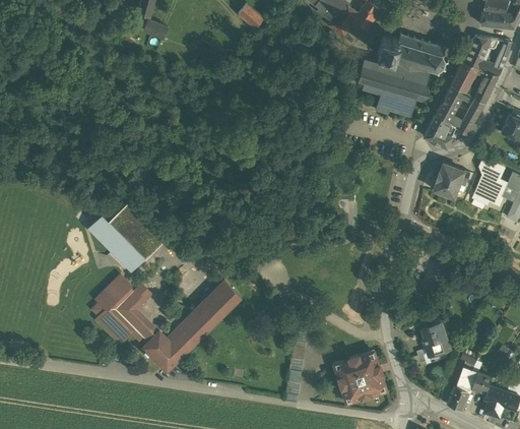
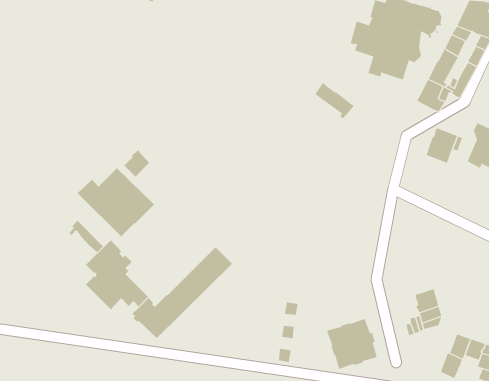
building: none -> [315,82,354,119]
building: none -> [124,149,150,178]
building: none -> [68,220,104,253]

